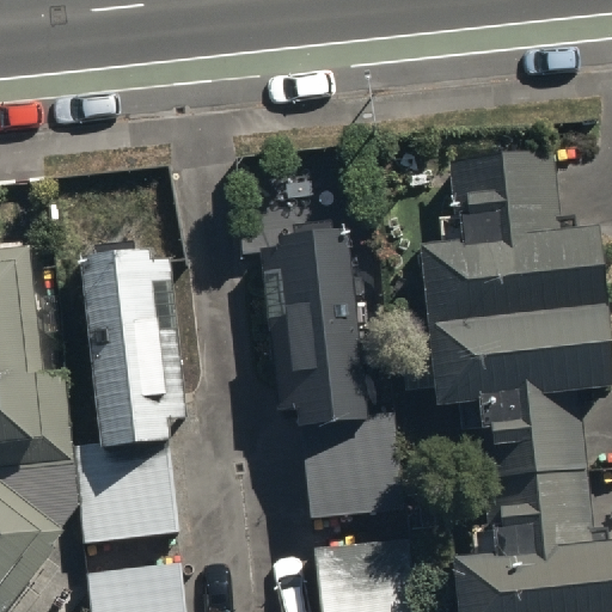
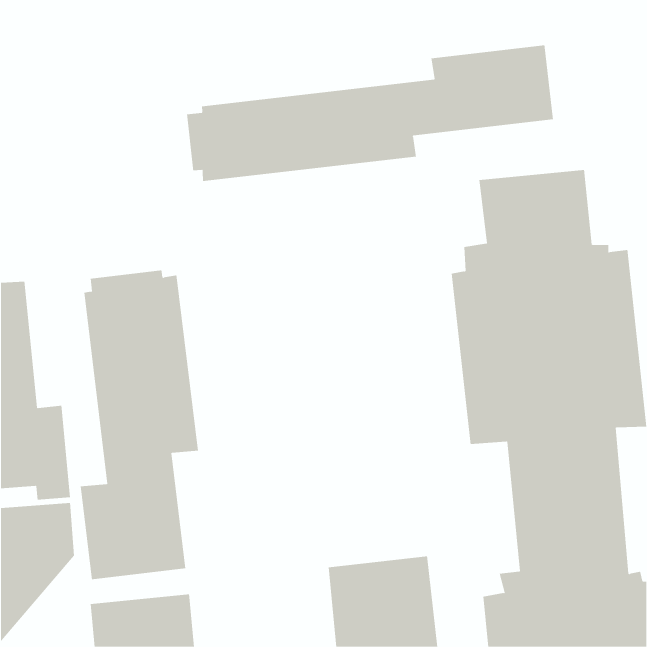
building: none -> [186,45,554,182]
building: [262,233,403,530] -> none

